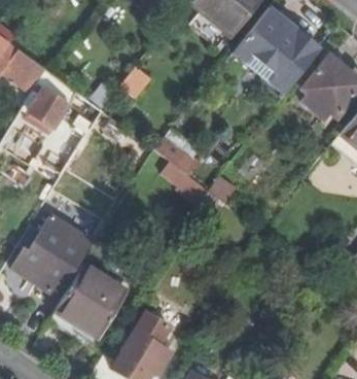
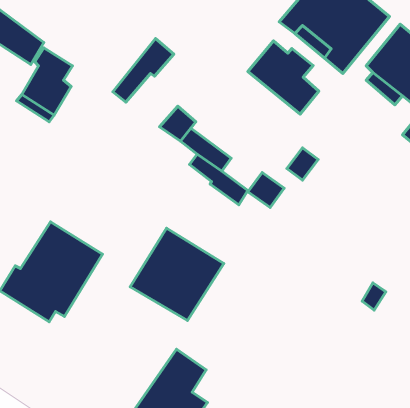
building: none -> [248,41,319,114]
building: [56,263,130,336] -> [130,228,224,321]

